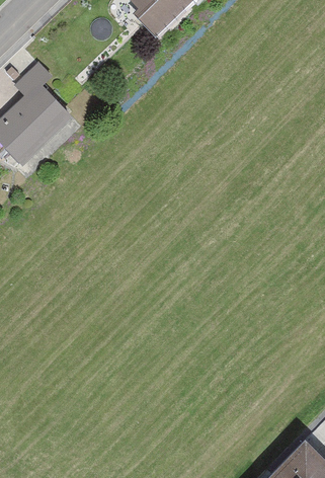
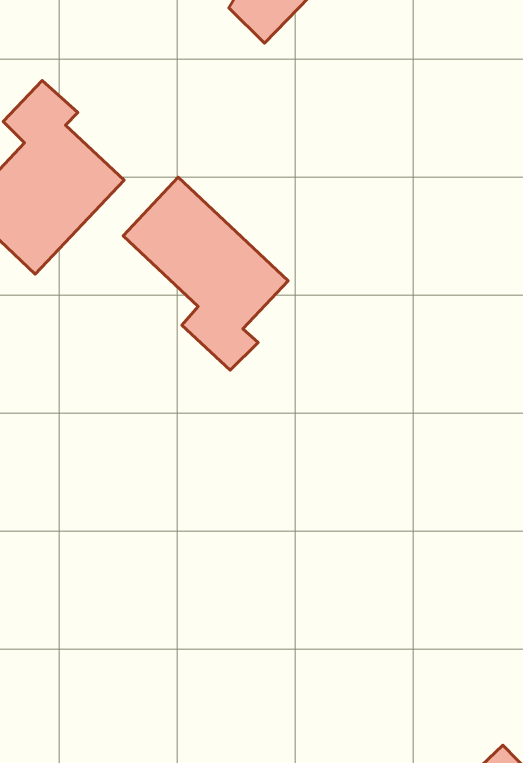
building: none -> [123,177,288,370]

